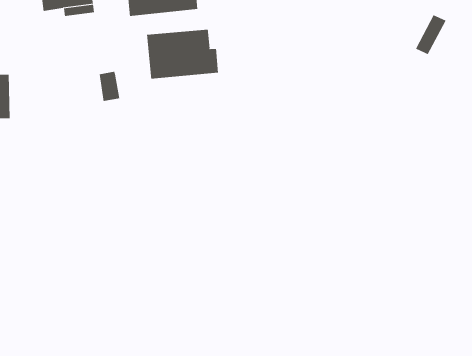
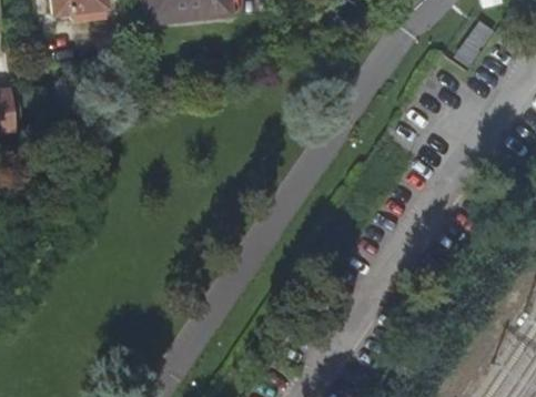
building: [146,29,219,80] -> none

